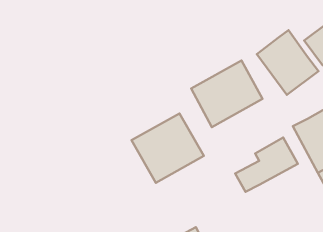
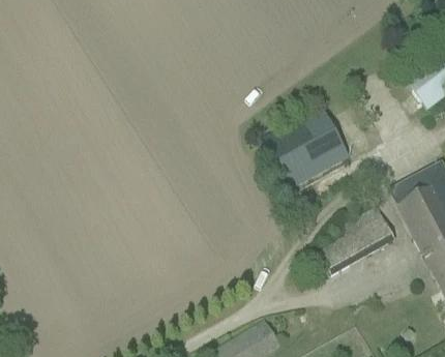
building: [257,30,319,95] -> none
building: [132,113,204,183] -> none

